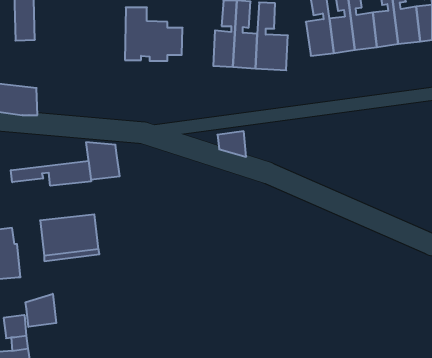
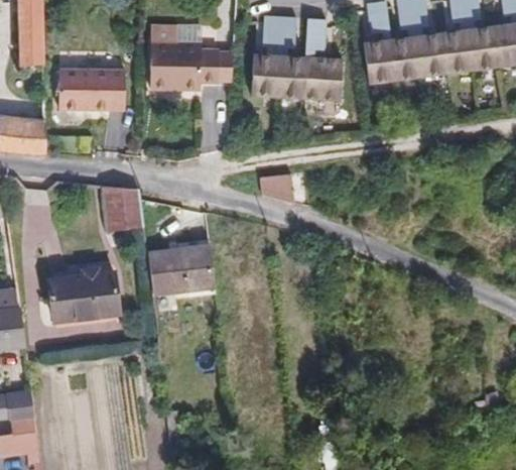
building: none -> [57,69,124,110]
building: [11,161,91,186] -> none
building: none -> [146,245,214,293]
building: [25,294,56,327] -> none

